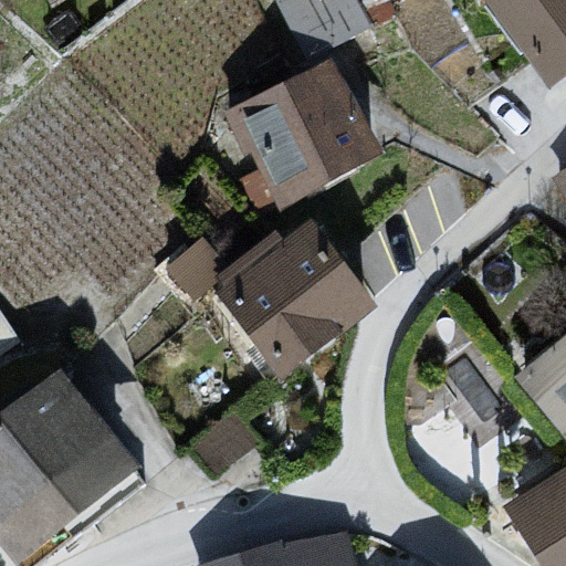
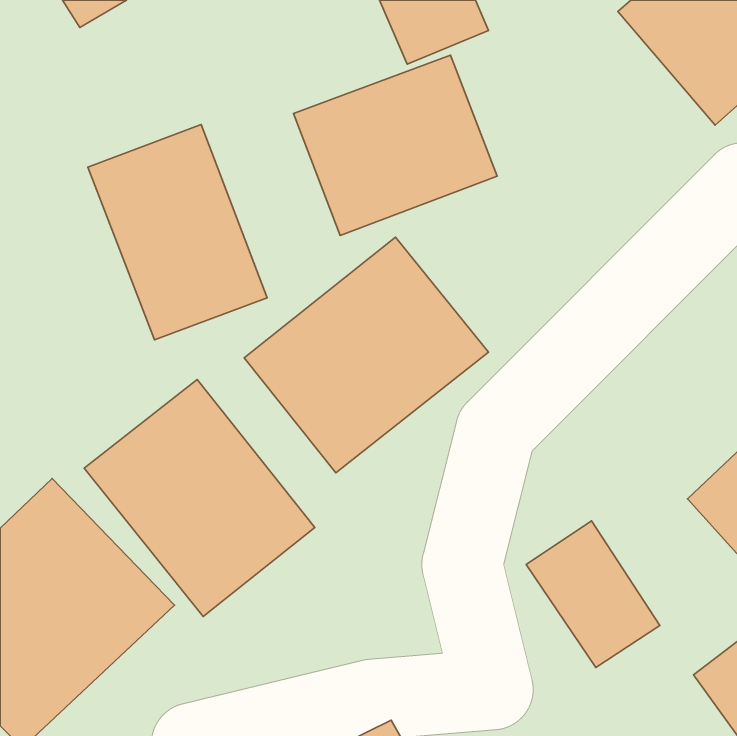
building: none -> [88,124,267,340]
building: none -> [84,380,315,617]

